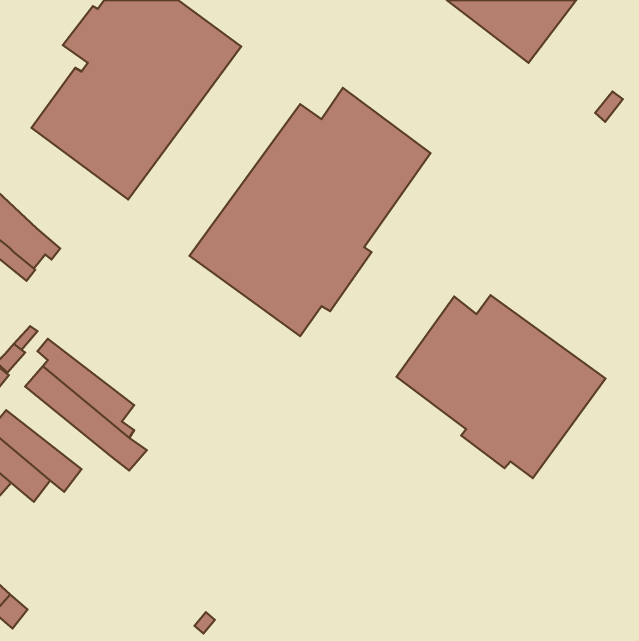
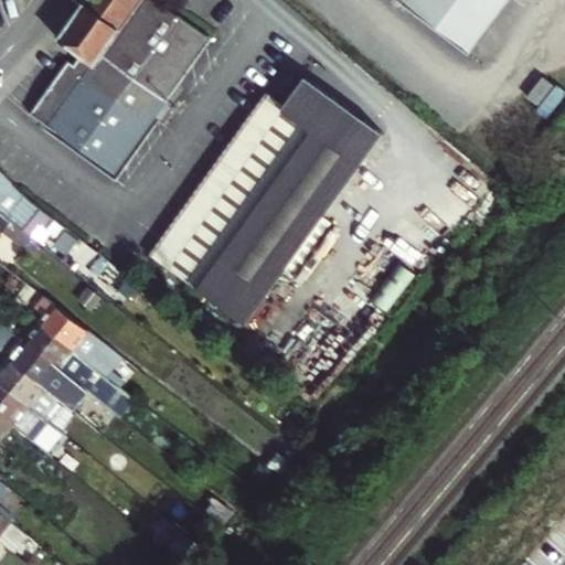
building: none -> [147,225,264,322]
building: [397,295,605,478] -> none
building: none -> [6,340,99,423]

